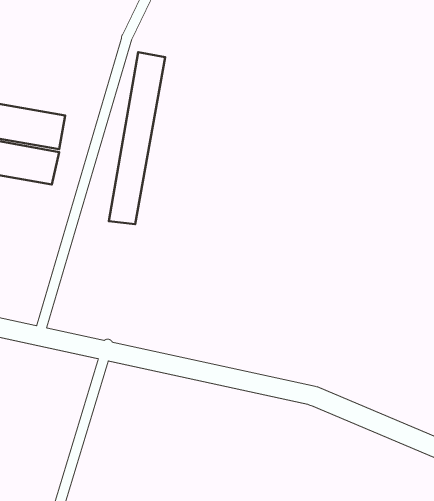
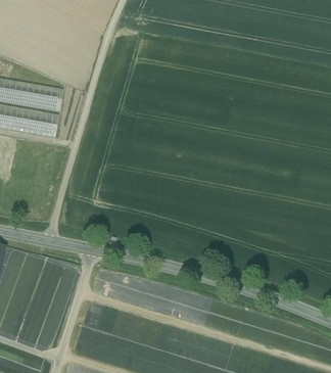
building: [109,52,165,224] -> none

